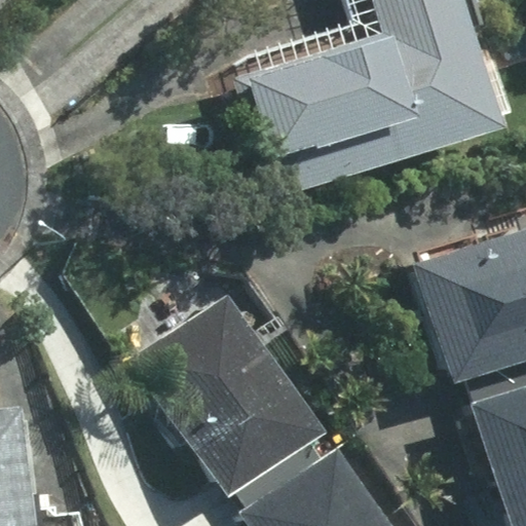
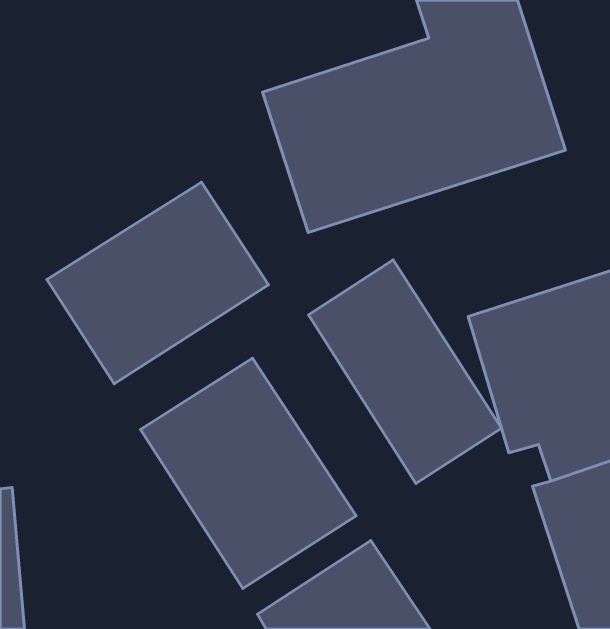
building: none -> [47,182,268,384]
building: none -> [309,260,502,483]

